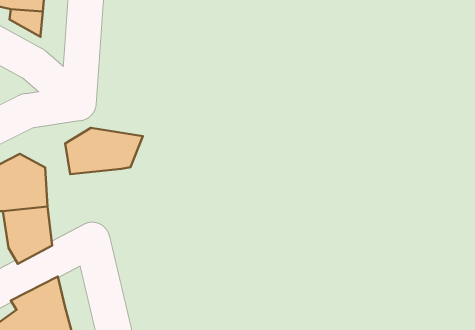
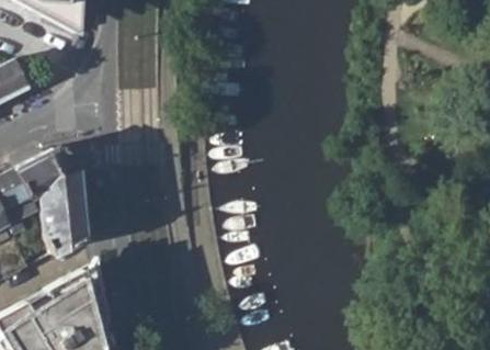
building: [65,128,143,174] -> none

